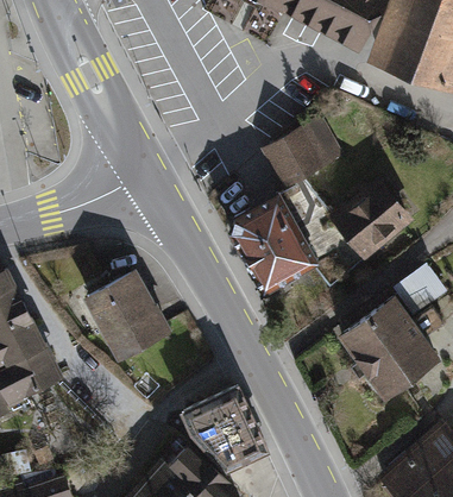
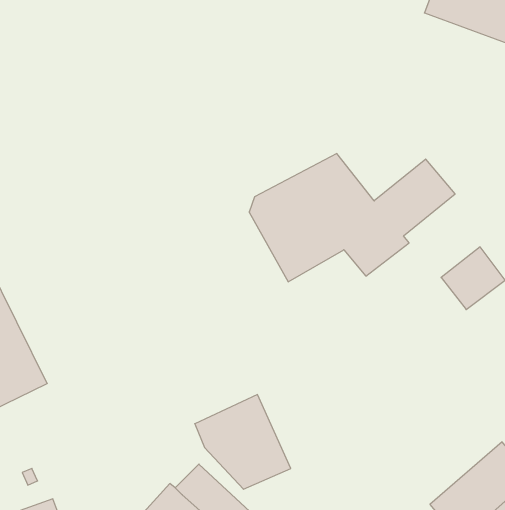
building: [269,122,338,184] -> none
building: [89,277,168,357] -> none
building: [344,300,443,395] -> none

